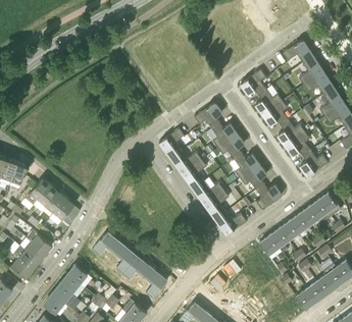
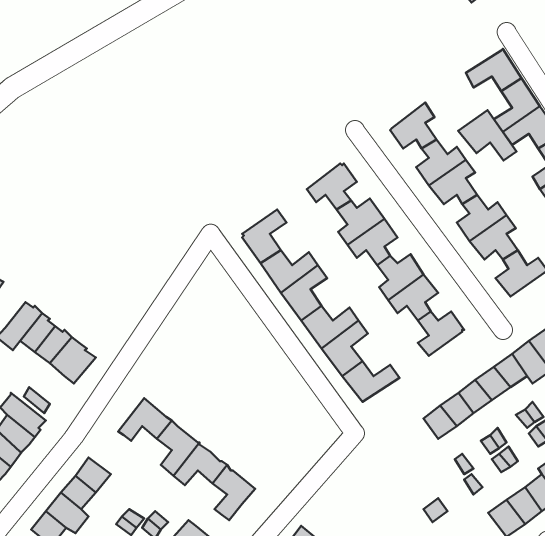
building: none -> [458,110,517,161]

